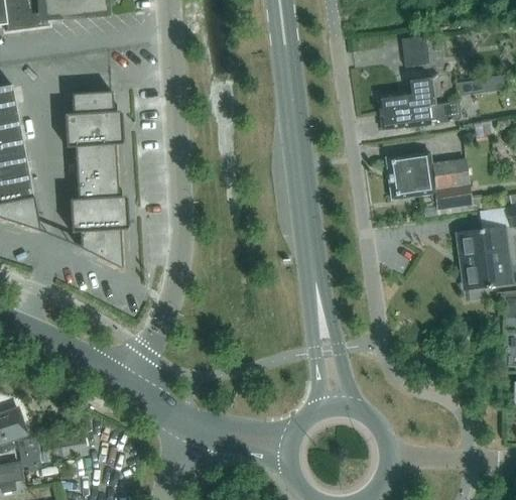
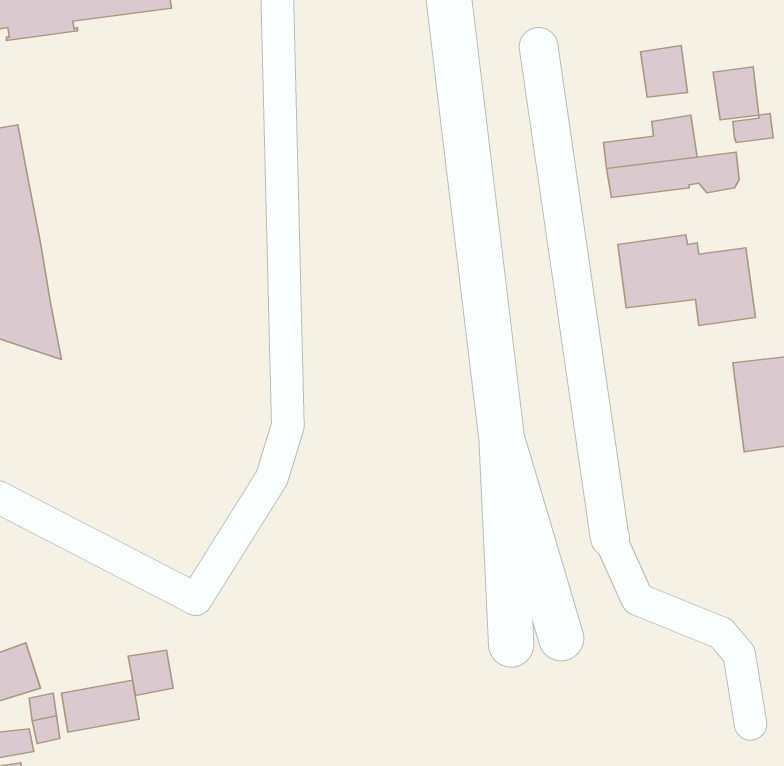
building: none -> [713,67,759,120]
building: [66,90,123,268] -> none
building: none -> [128,650,173,696]

